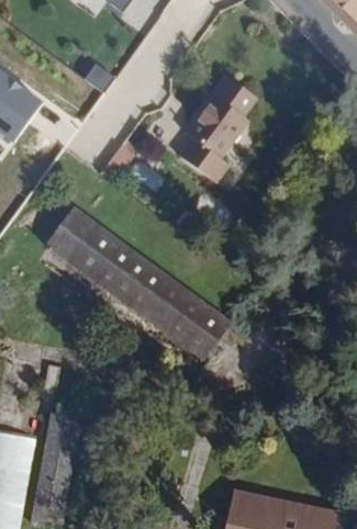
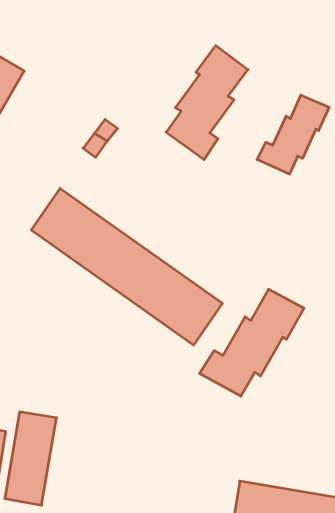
building: none -> [257,95,329,174]
building: none -> [200,289,304,396]

